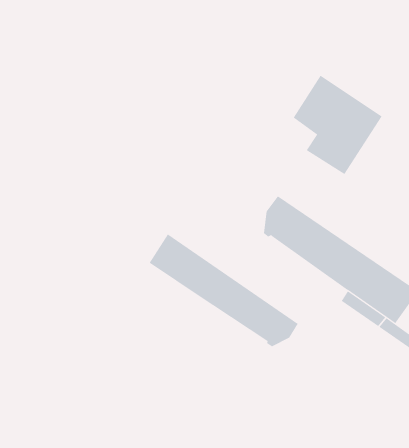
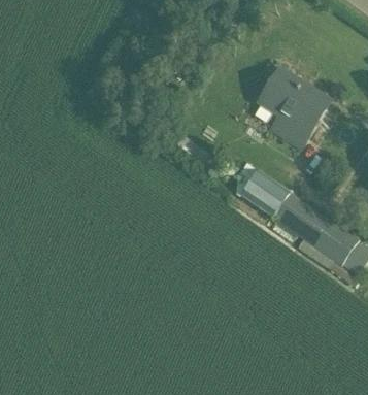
building: [149,233,299,347] -> none

